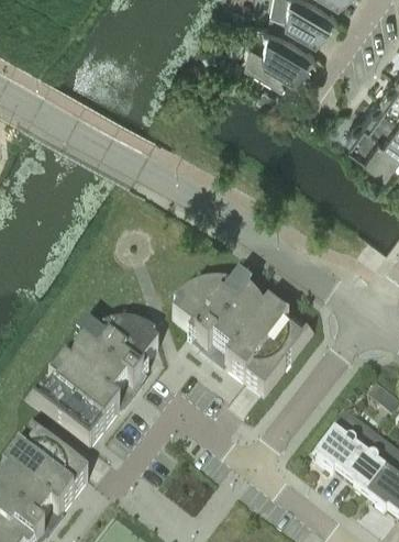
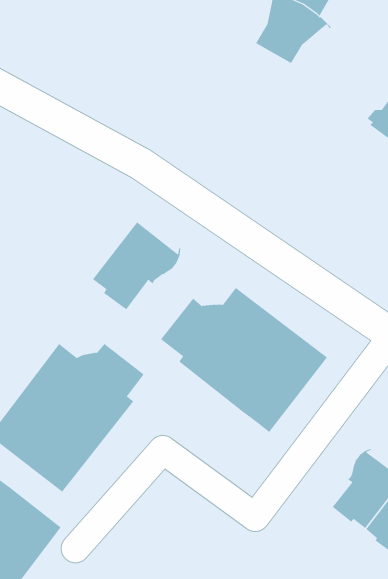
building: none -> [92,222,181,310]

